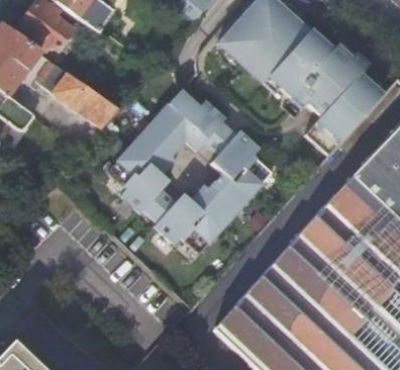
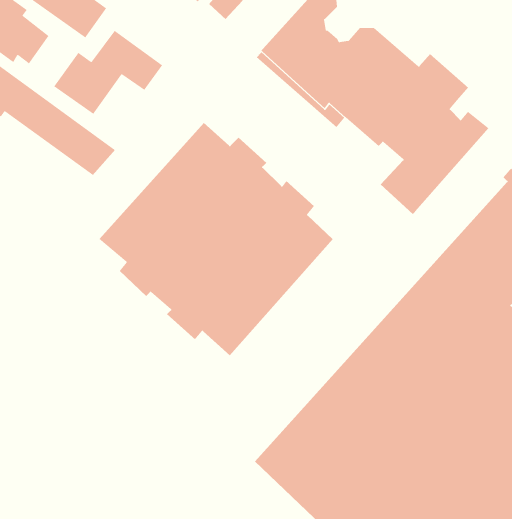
building: none -> [53,30,163,115]

